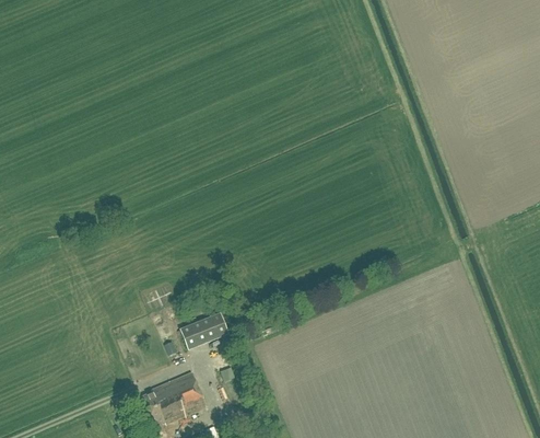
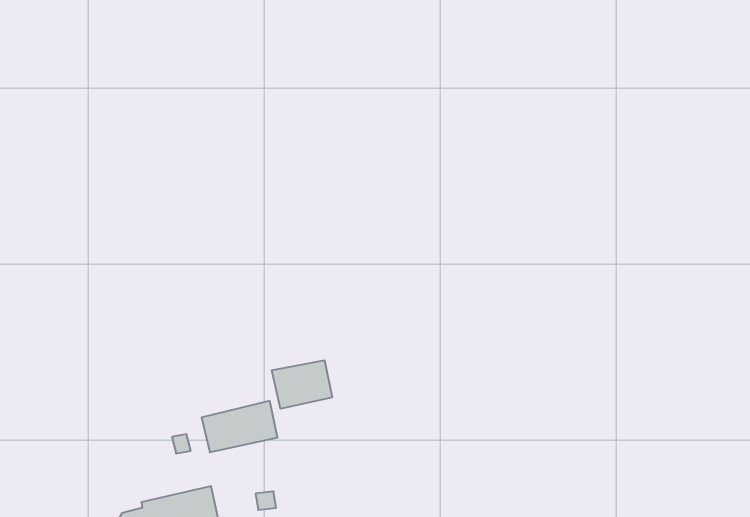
building: none -> [272,360,332,409]

